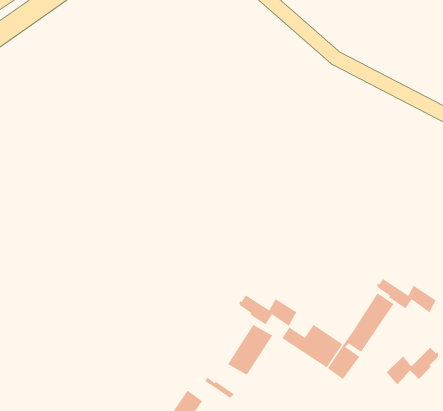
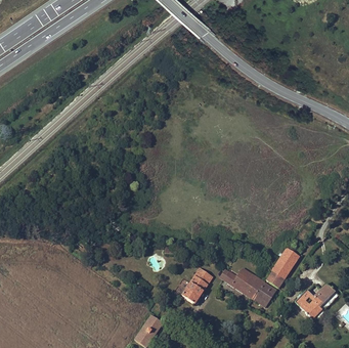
building: [377,278,437,313] -> none
building: [239,295,297,327] -> none

